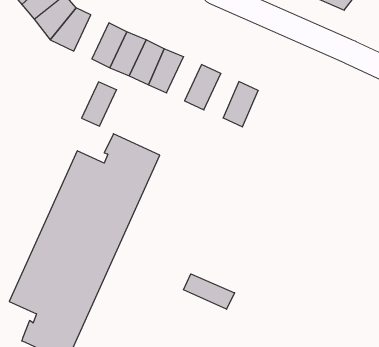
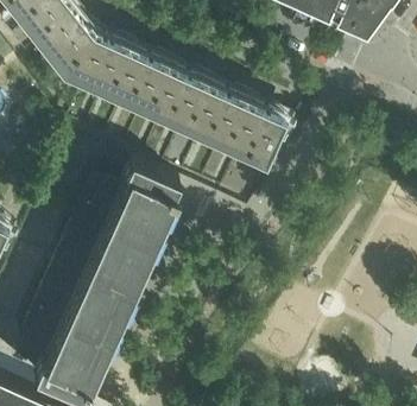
building: none -> [188,87,225,133]
building: none -> [227,104,264,151]
building: [82,82,117,126] -> [90,43,127,89]
building: [184,274,235,309] -> none

